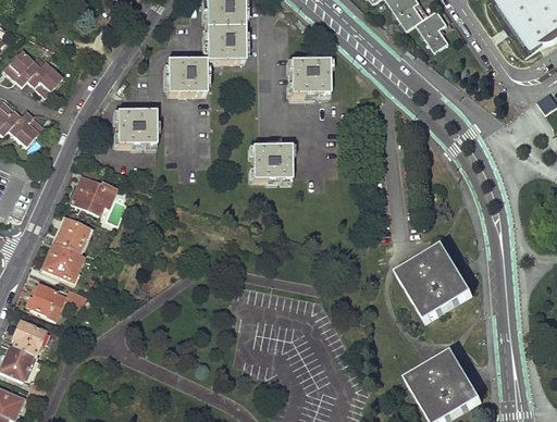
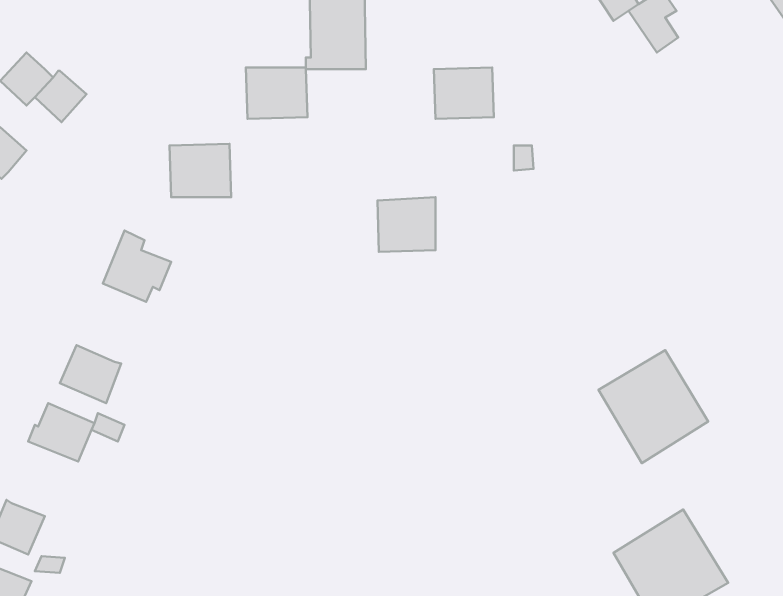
building: [10,112,42,145] -> none
building: [54,218,91,253] -> none
building: [12,320,46,355] -> none

